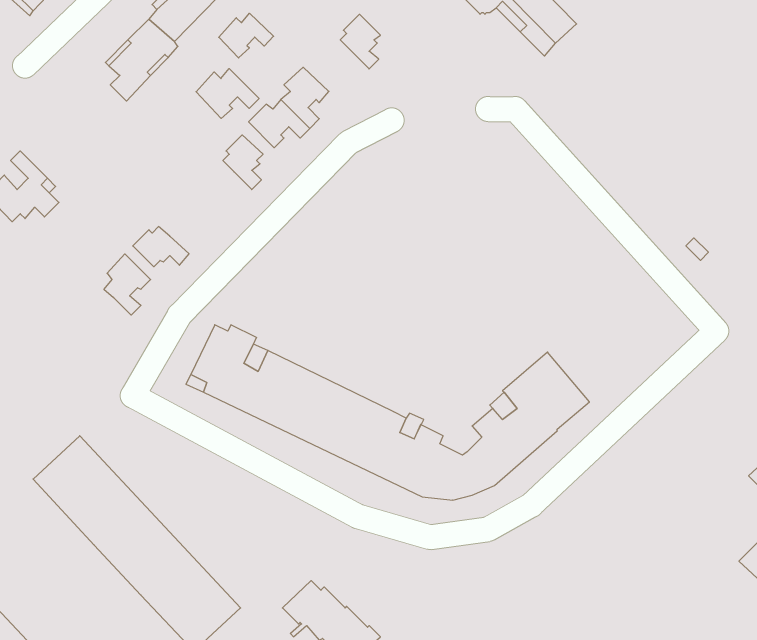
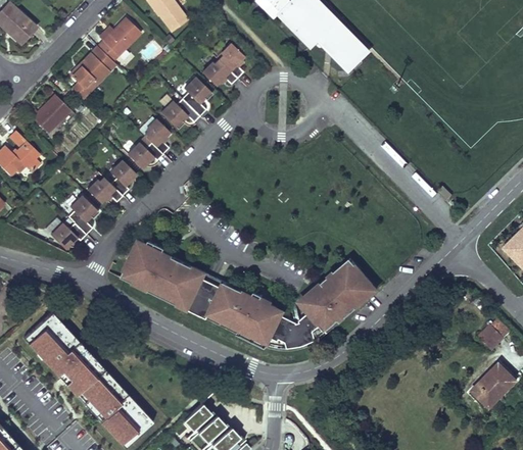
building: [219,13,274,58] -> none
building: none -> [202,60,237,86]
building: [196,69,259,118] -> none
building: none -> [30,95,75,134]
building: none -> [128,144,162,169]
building: none -> [110,161,136,196]
building: none -> [51,223,86,250]

